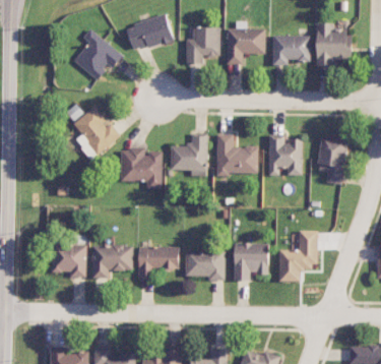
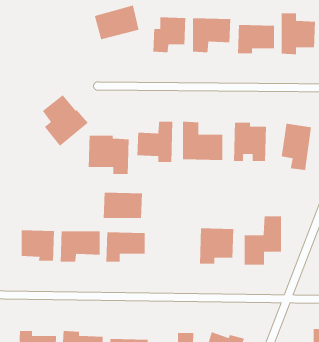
building: [73,28,123,80] -> none
building: [185,251,226,279] -> [103,192,143,219]

